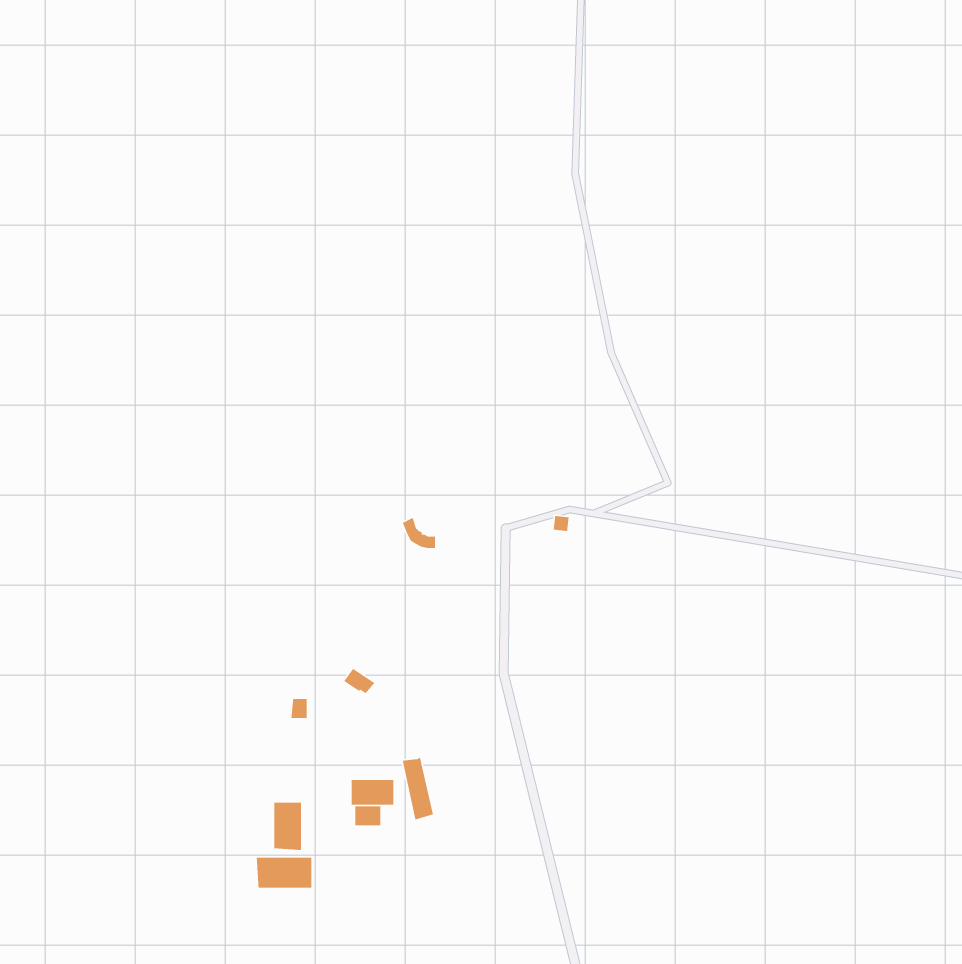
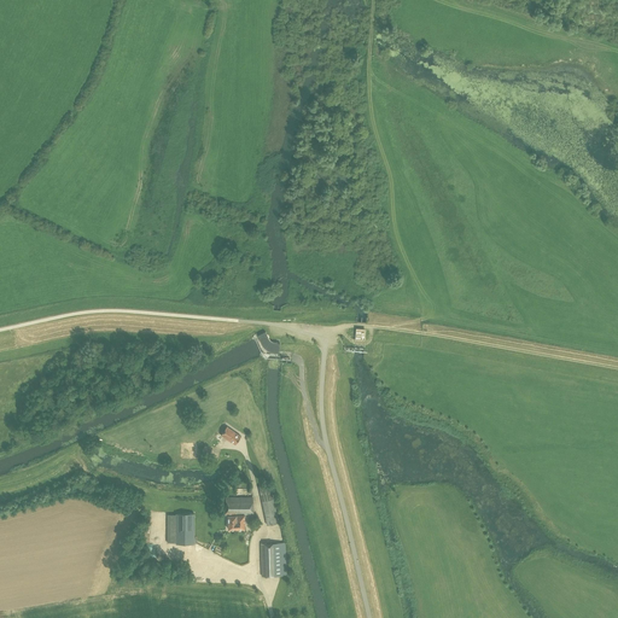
building: none -> [260,543,286,577]
building: [256,857,312,889] -> none

